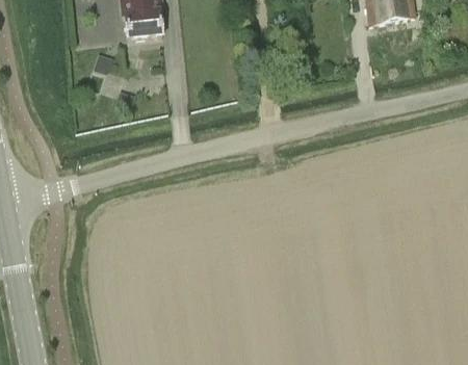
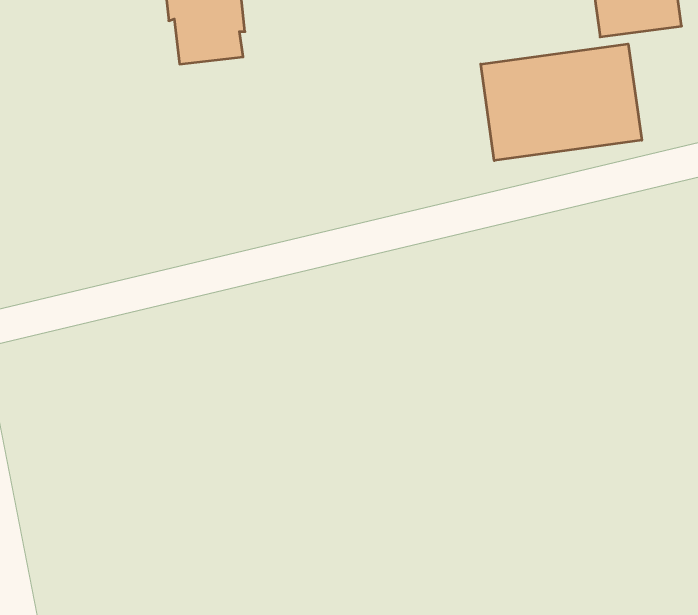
building: none -> [481,44,642,161]

